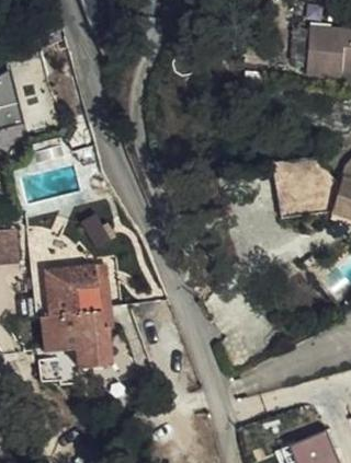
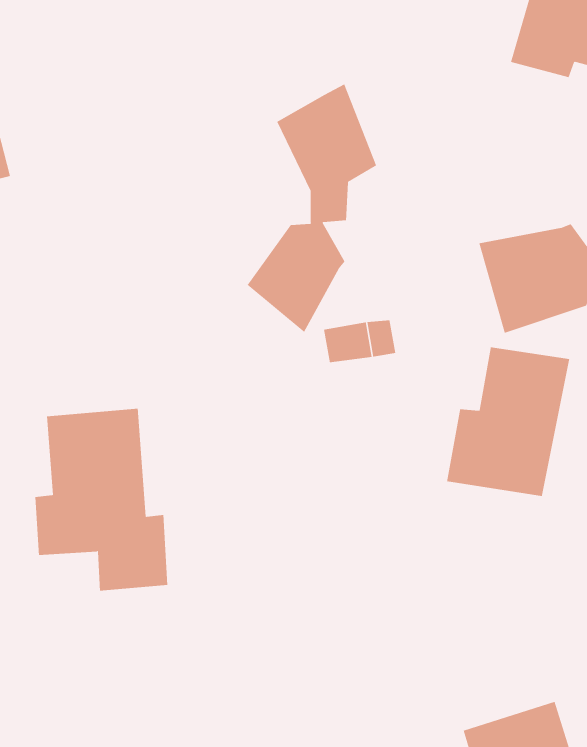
building: none -> [247,83,377,333]
building: none -> [446,346,570,497]

